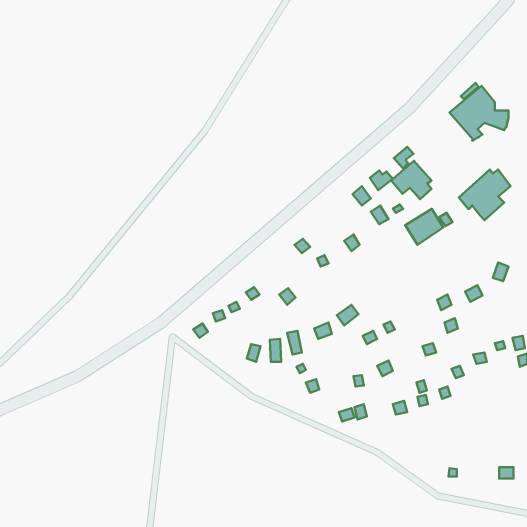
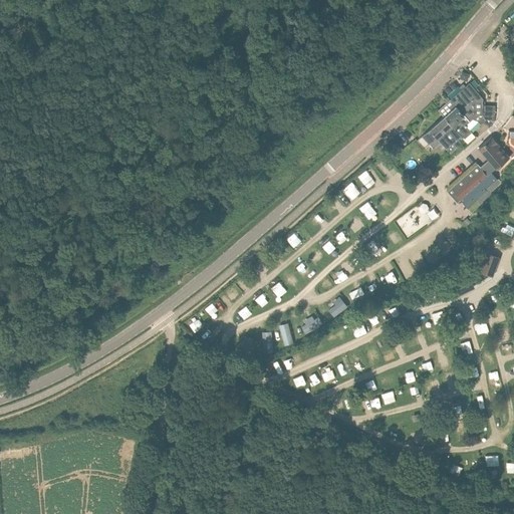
building: none -> [477,138,508,170]
building: [391,161,431,199] -> [421,117,460,155]

